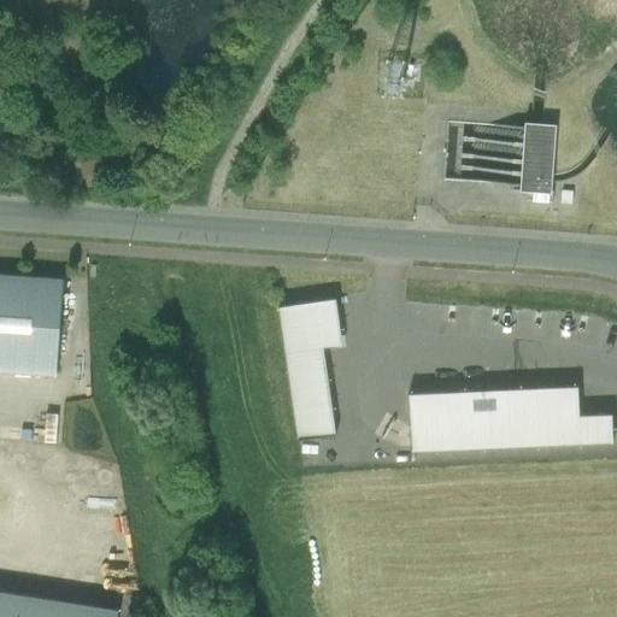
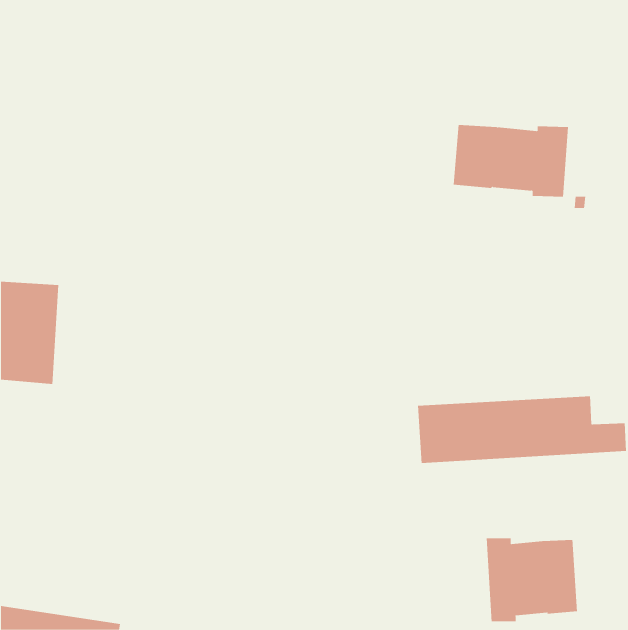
building: [278,299,339,439] -> none
building: none -> [486,538,578,622]

